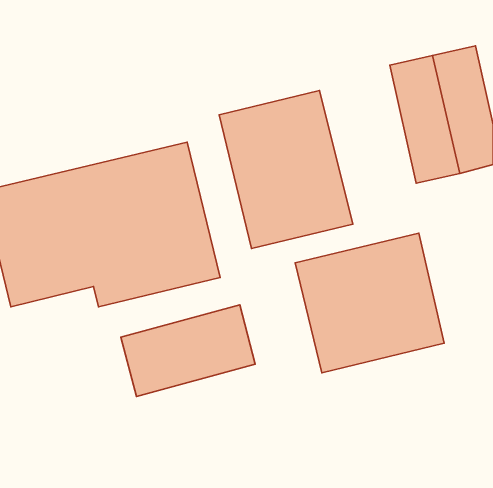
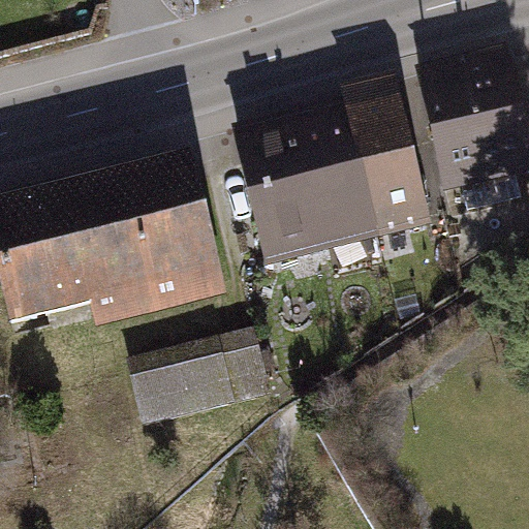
building: none -> [338,75,427,238]
building: [295,233,444,373] -> none

